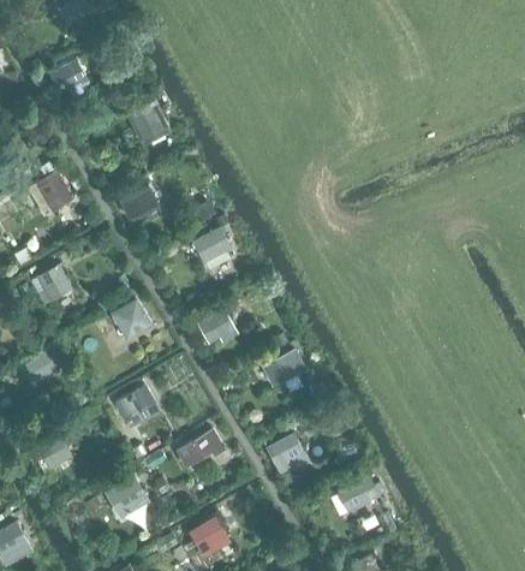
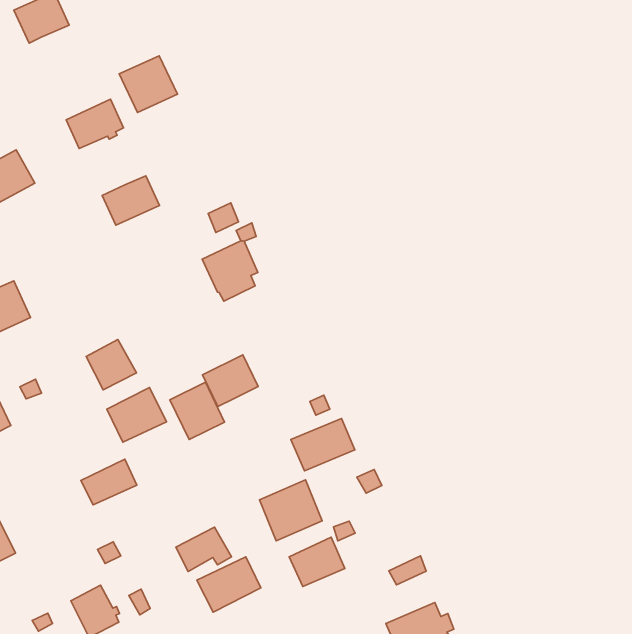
building: none -> [66,99,123,148]
building: none -> [170,382,225,440]
building: none -> [107,388,167,442]
building: none -> [259,480,322,541]
building: none -> [197,557,261,612]

